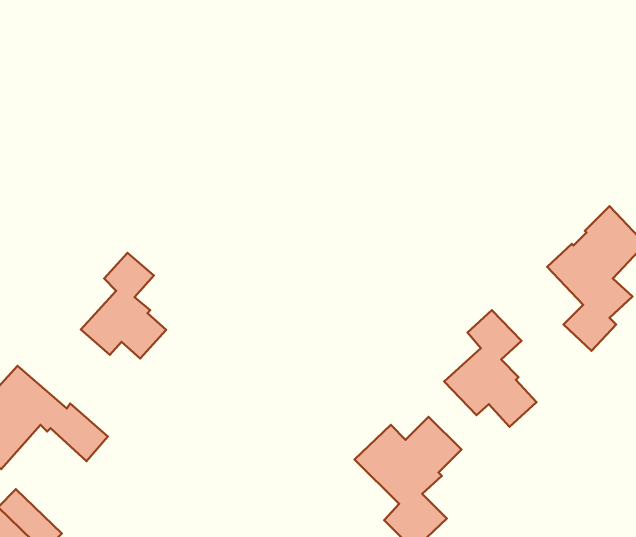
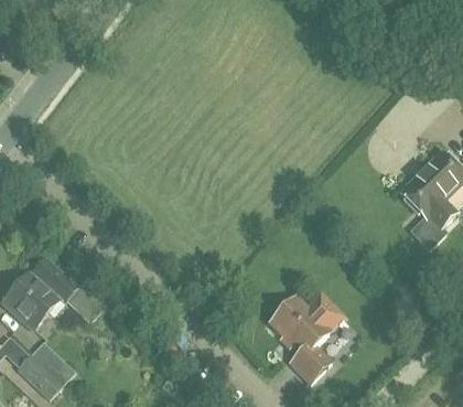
building: [81,253,166,359] -> none
building: [444,310,537,427] -> none

